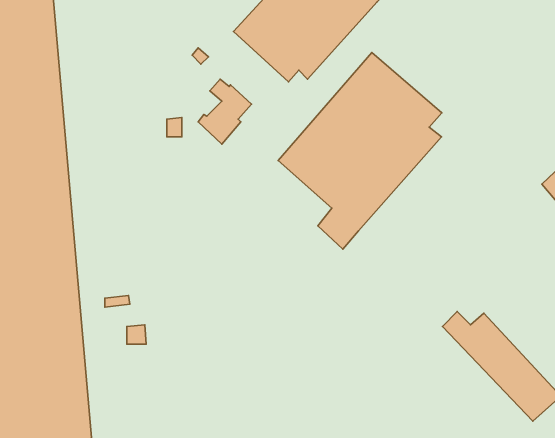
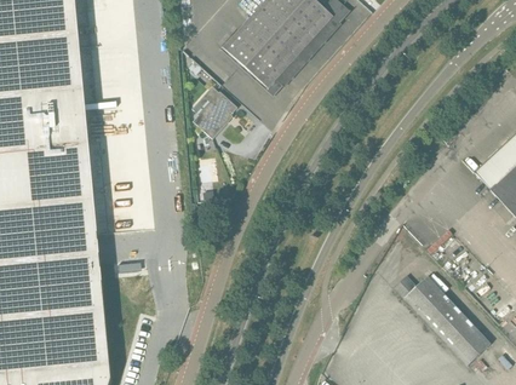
building: [278,53,442,249] -> none

